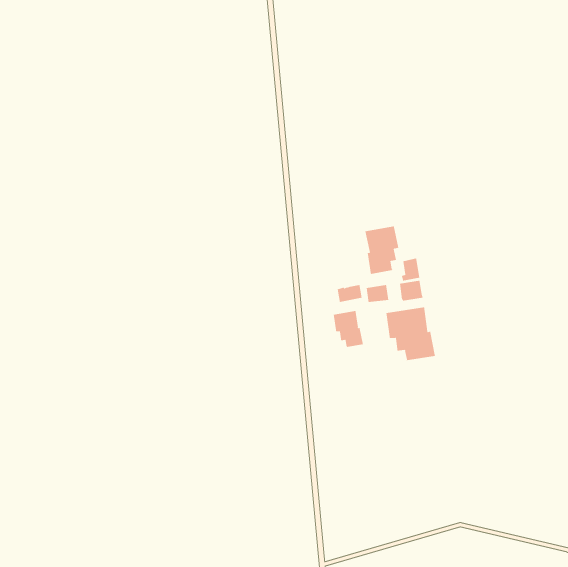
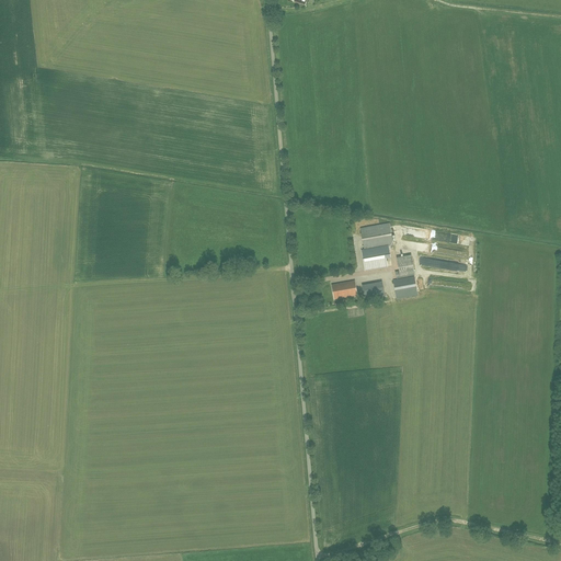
building: [386,307,436,361] -> none
building: [333,310,364,348] -> none

